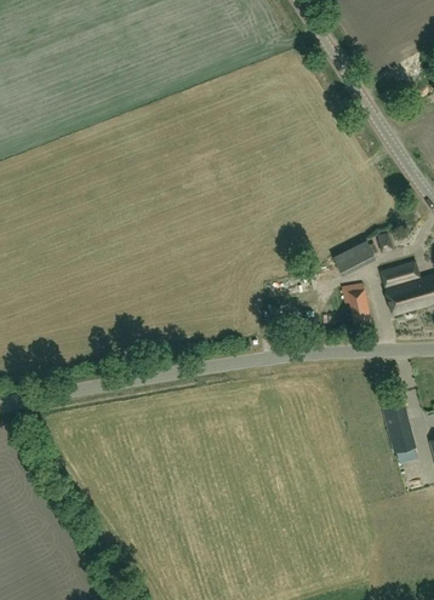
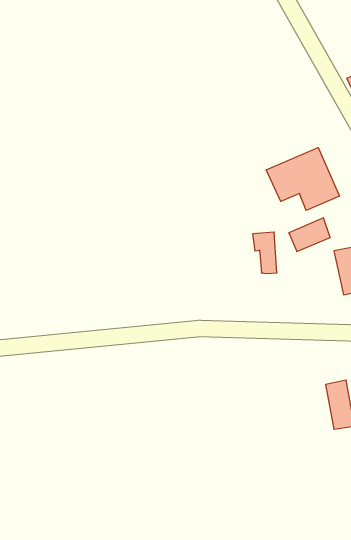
building: none -> [266,148,339,210]
building: [342,282,370,325] -> [253,232,277,273]

